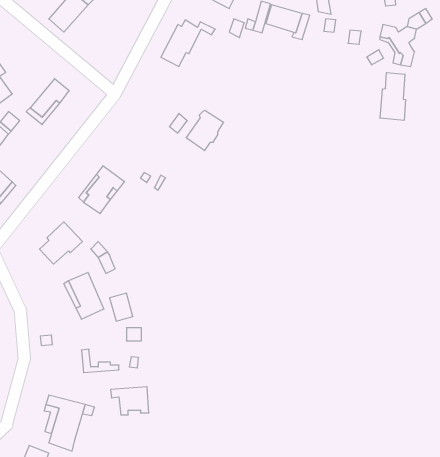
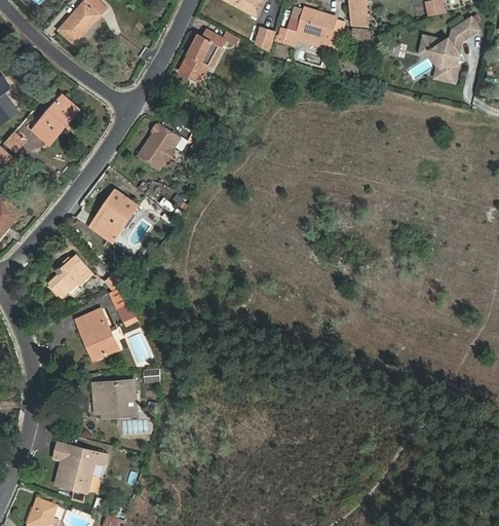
building: [380,73,406,120] -> none
building: [186,110,224,151] -> [141,124,182,168]
building: [111,387,149,415] -> [91,380,133,411]

